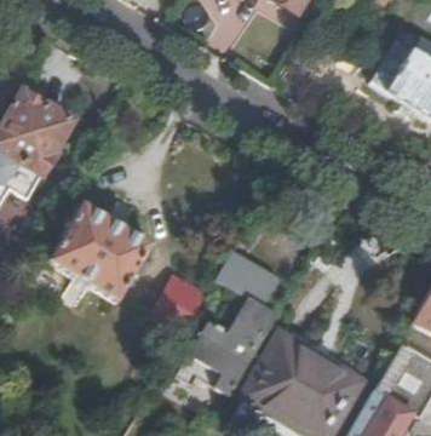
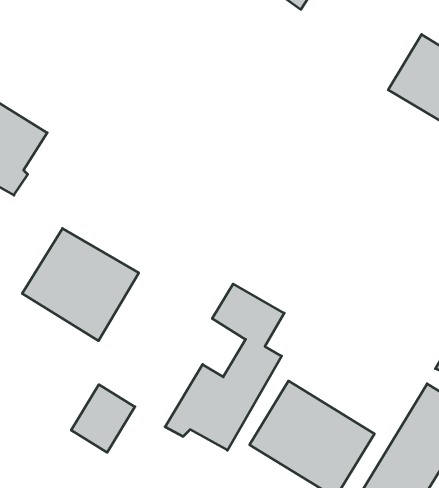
building: [154,274,209,333] -> [71,385,135,452]

